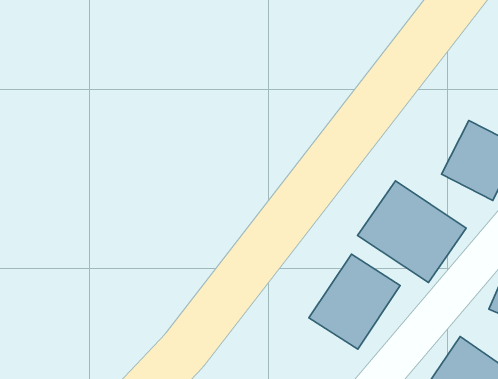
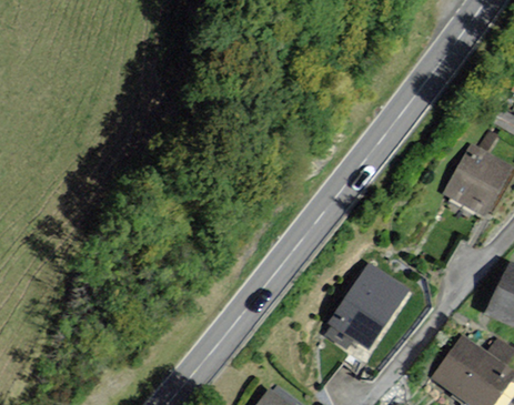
building: [358,181,466,283] -> none

